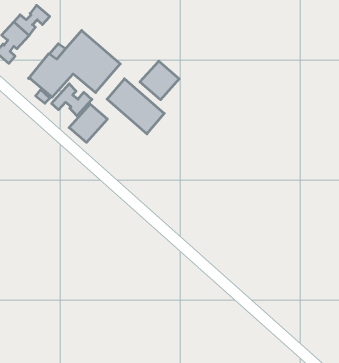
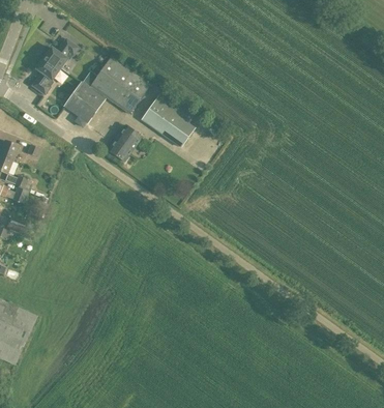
building: [140,61,179,100] -> none
building: [52,84,92,116] -> none

